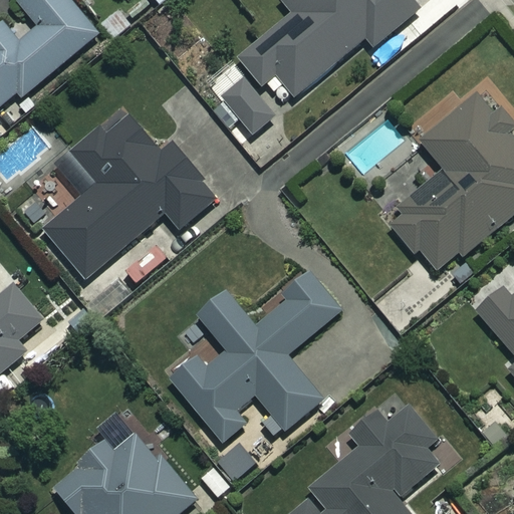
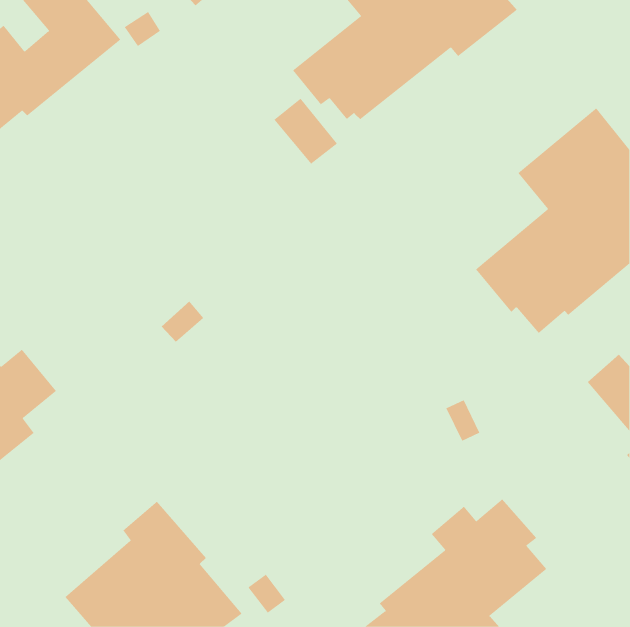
building: [42,110,217,280] -> none
building: [169,272,341,443] -> none

